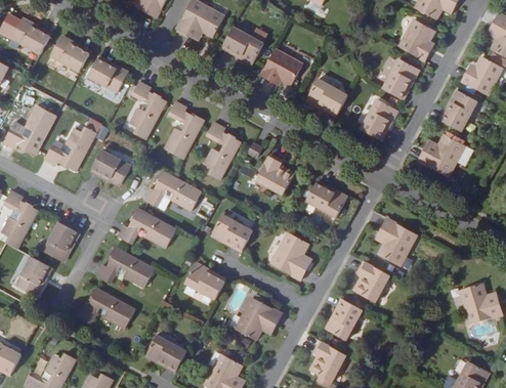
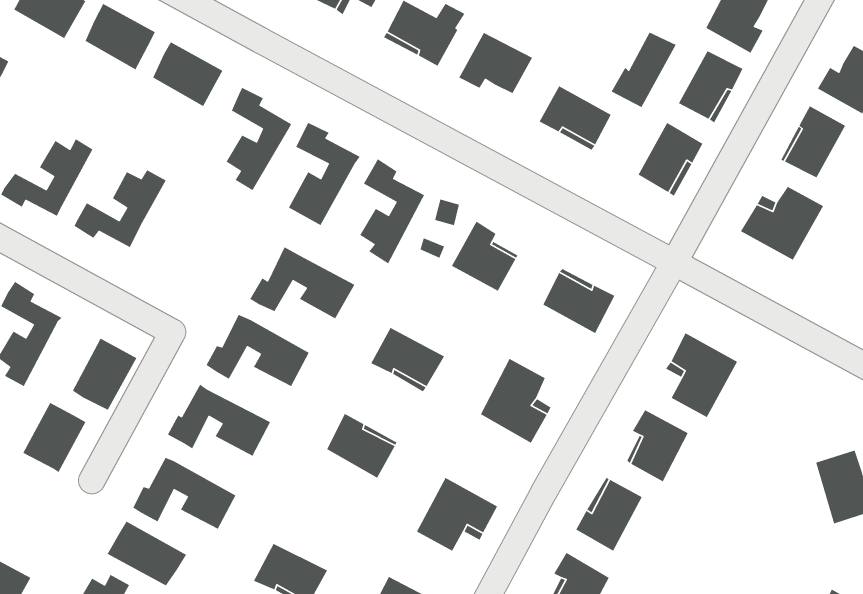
building: none -> [610,31,677,108]
building: [90,149,131,185] -> none
building: none -> [106,521,187,586]

